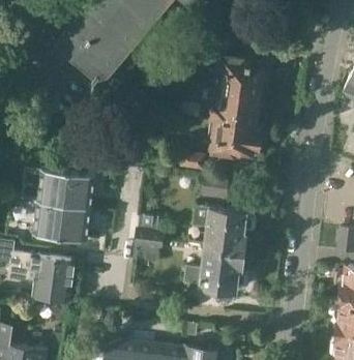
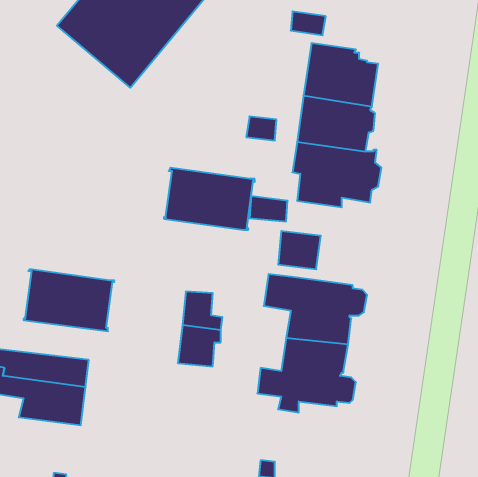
building: [37,170,96,210] -> [164,168,255,230]

